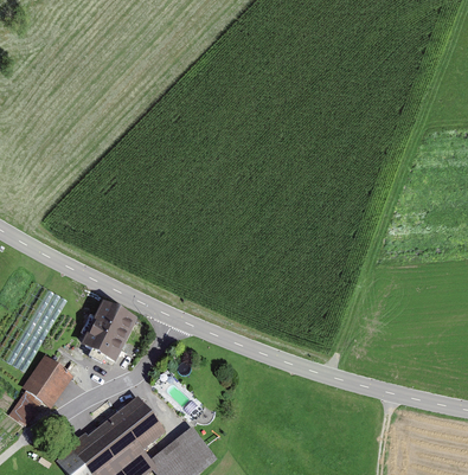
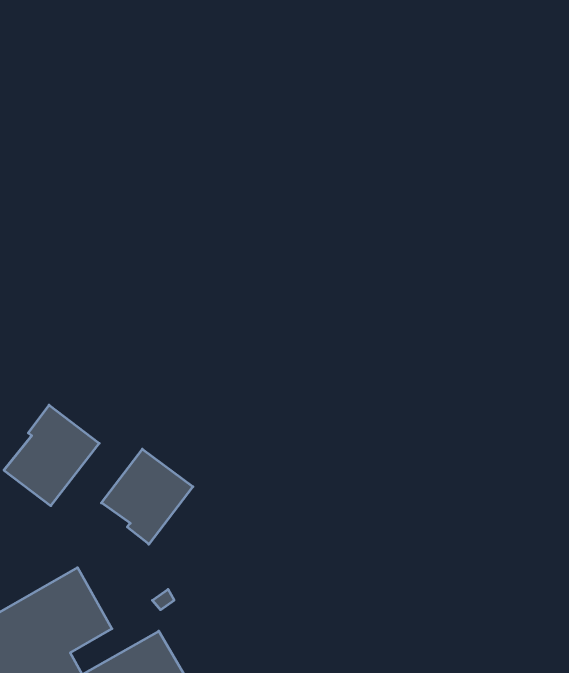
building: none -> [101,449,193,544]

